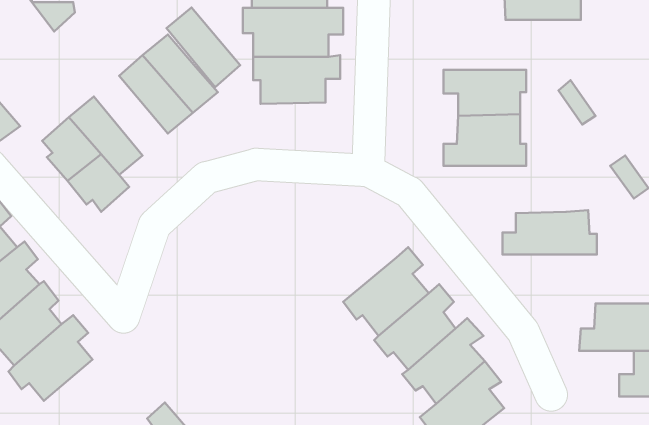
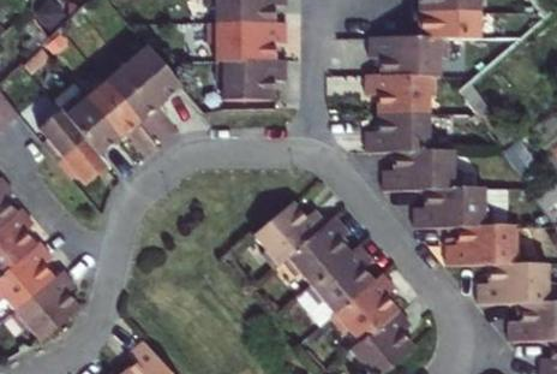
building: [166,8,240,87] -> [83,77,143,142]
building: none -> [369,31,445,72]
building: none -> [388,149,467,190]
building: none -> [256,203,329,269]
building: none -> [447,222,526,262]

